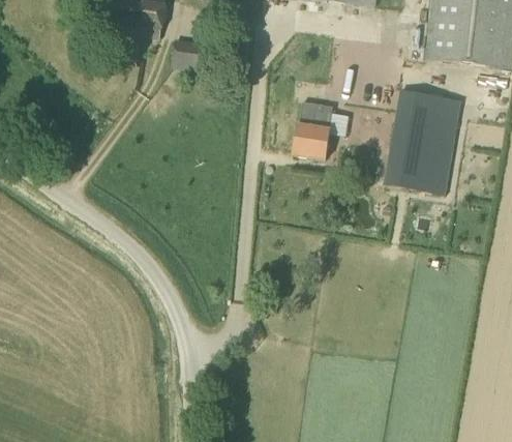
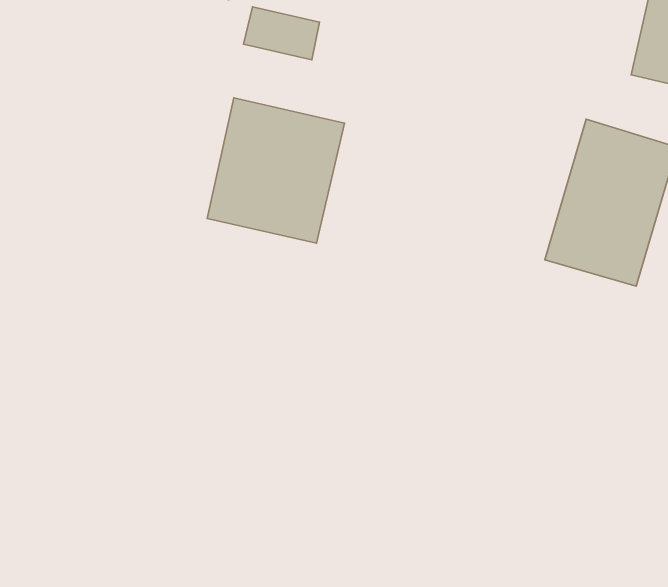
building: none -> [207,98,345,243]
building: [293,101,334,157] -> none

